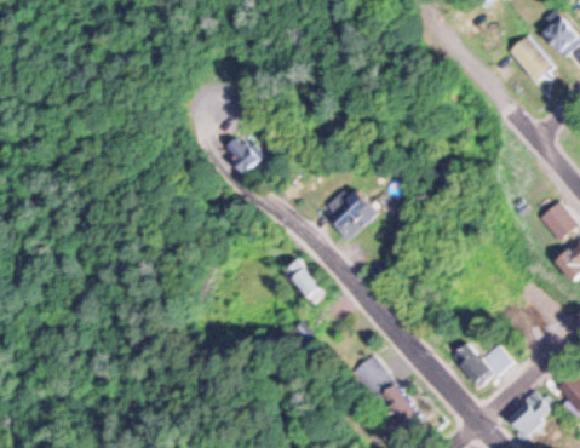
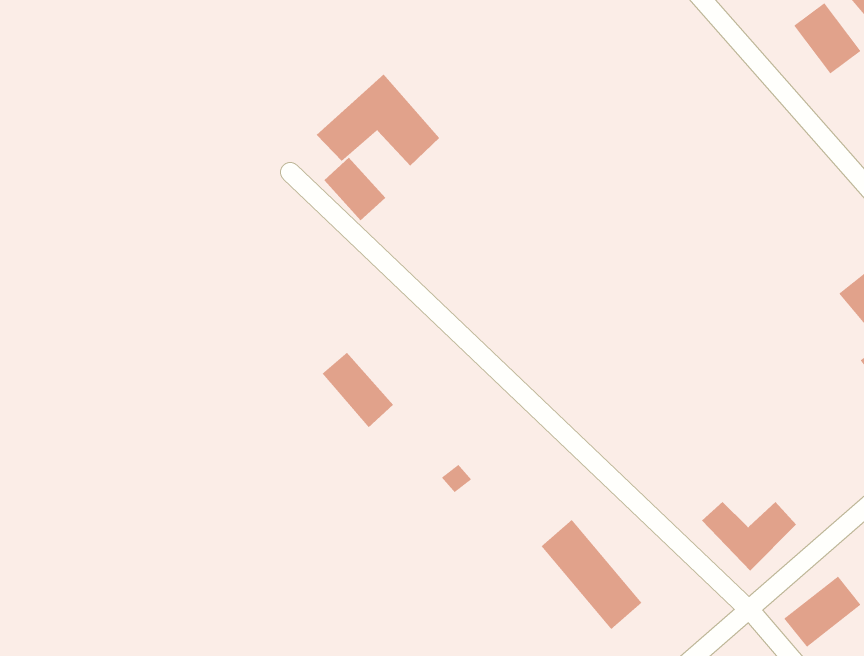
building: none -> [316,73,440,166]
building: [326,193,368,232] -> none
building: [285,258,329,305] -> [321,352,394,428]

